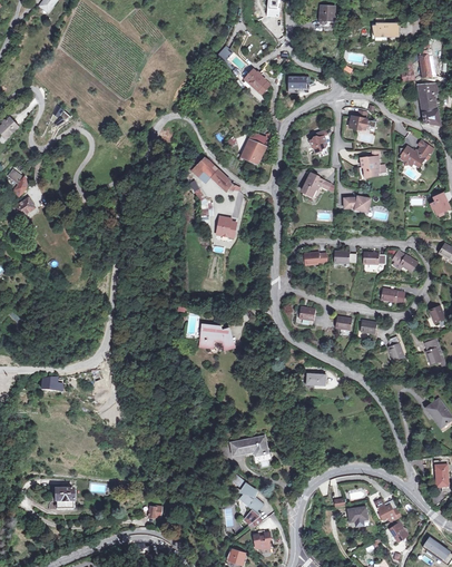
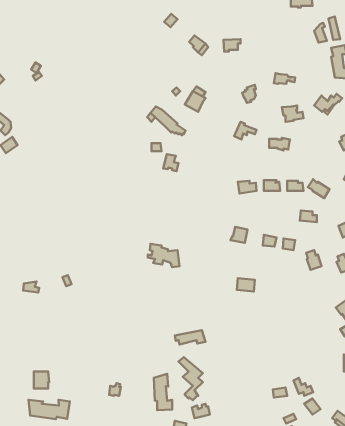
building: none -> [154,374,172,410]
building: none -> [28,400,70,419]

